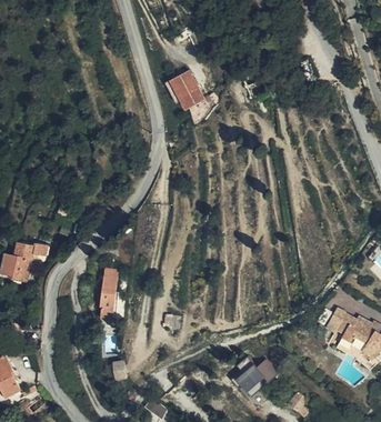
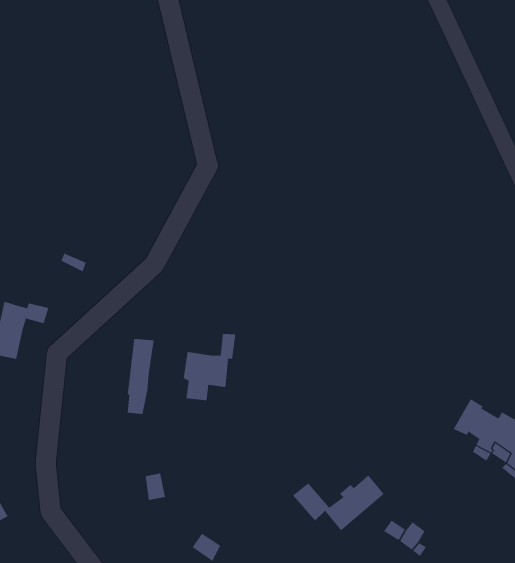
building: [164,71,203,109] -> none
building: none -> [183,333,236,401]

